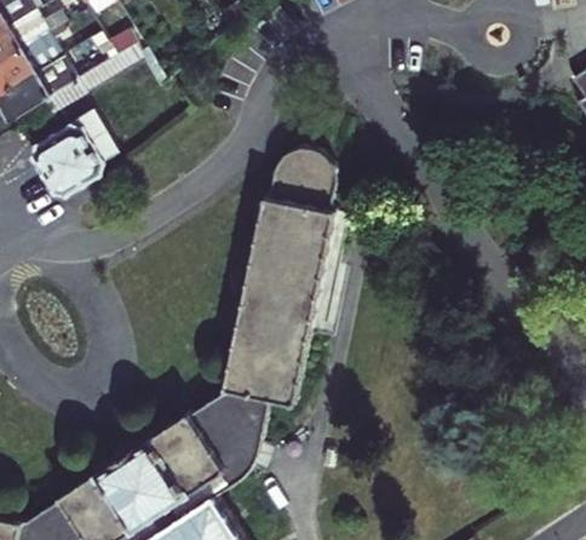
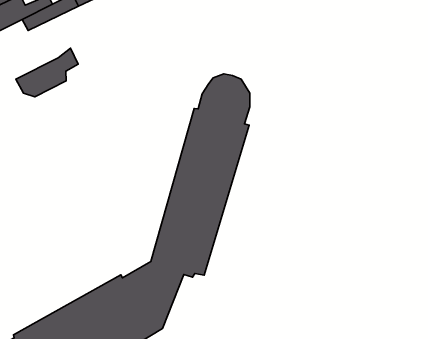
building: [31,109,105,174] -> none

